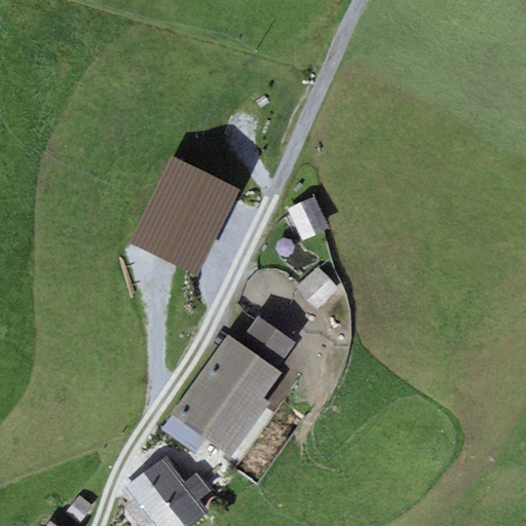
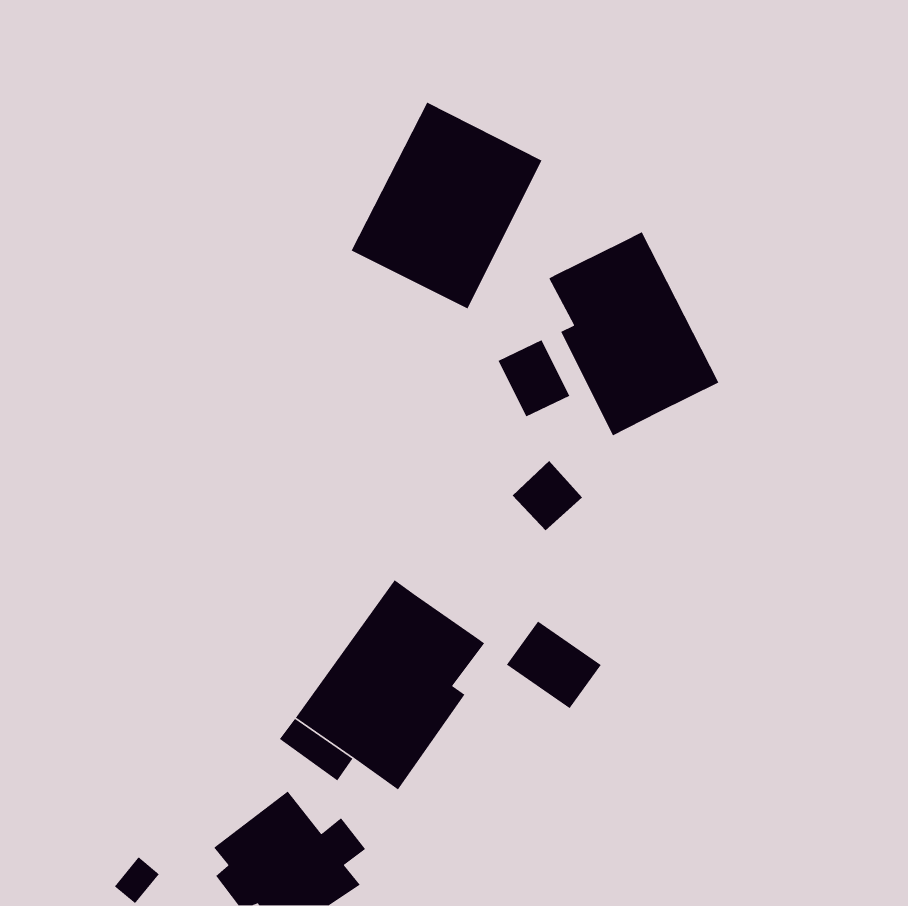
building: none -> [548,231,720,436]
building: [128,156,239,276] -> [351,102,542,309]
building: [239,317,295,369] -> [506,621,602,709]

